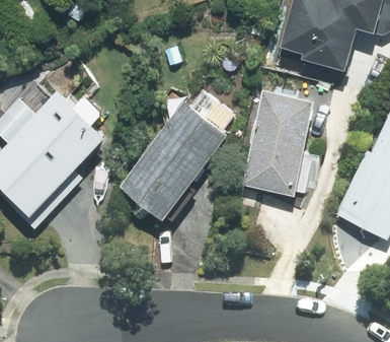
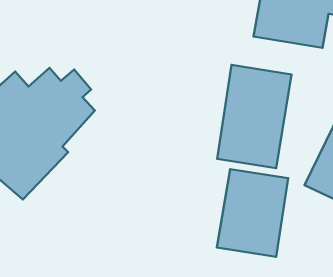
building: [122,94,233,222] -> none
building: none -> [217,169,288,257]

